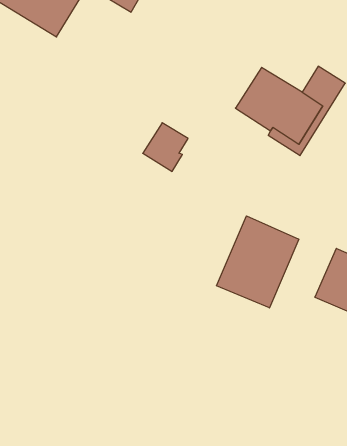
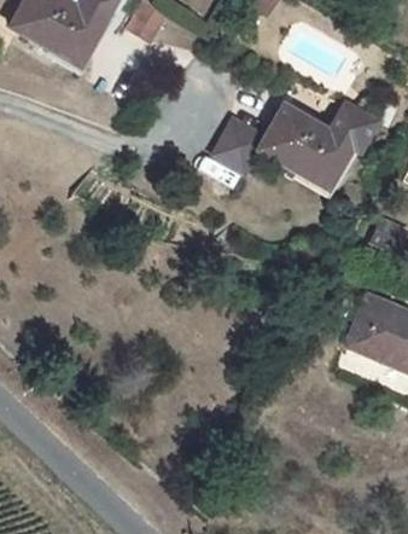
building: [143,123,188,171] -> [216,115,264,167]
building: [217,216,299,308] -> none

